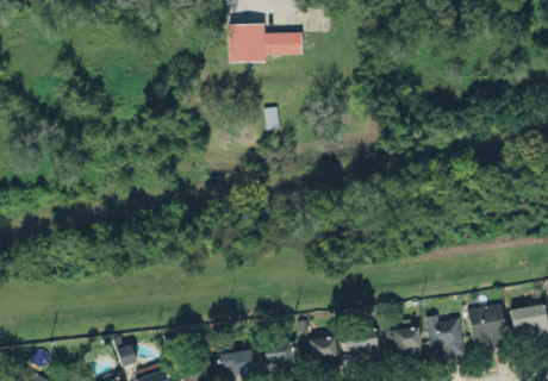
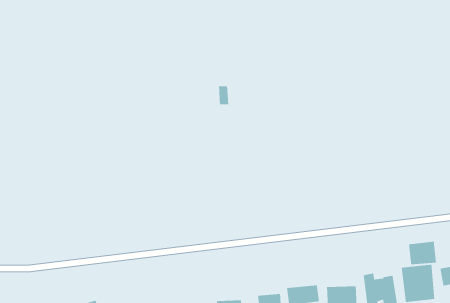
building: [226,25,300,63] -> none
building: none -> [408,241,437,265]

